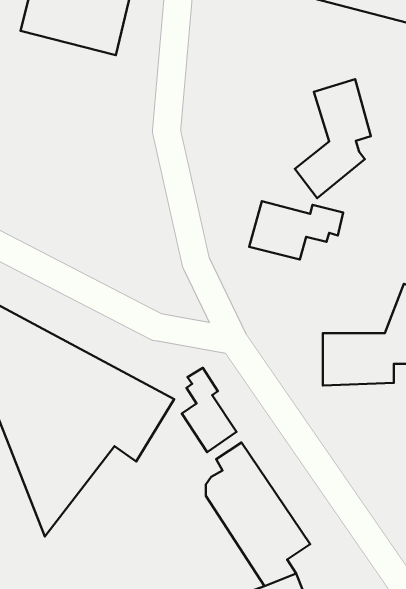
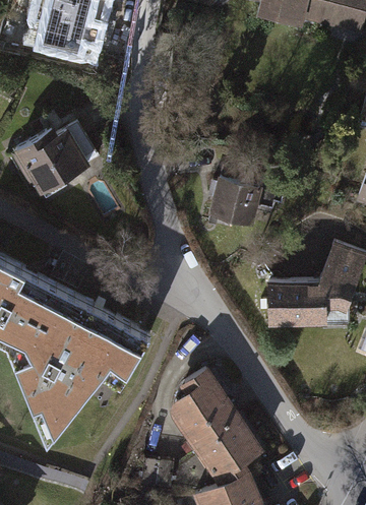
building: [295,79,371,198] -> none
building: none -> [15,124,85,197]
building: [182,368,236,452] -> none

